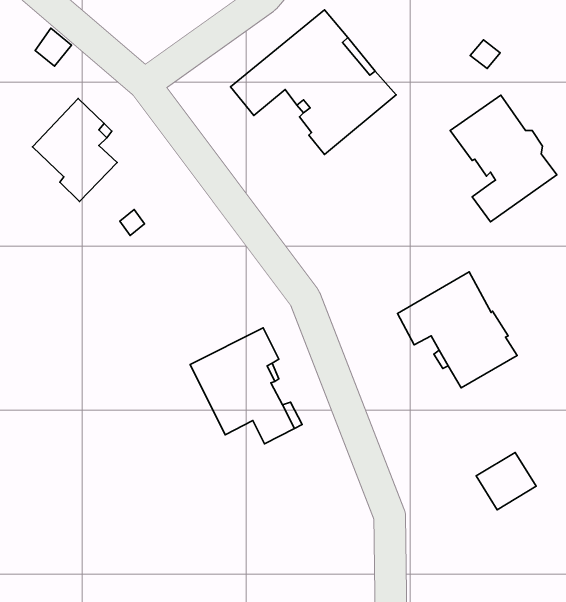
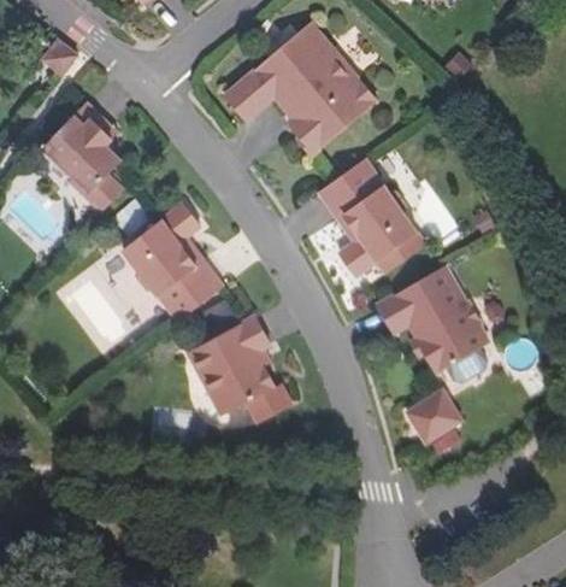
building: [450,95,557,222] -> [318,159,417,276]
building: none -> [122,204,222,322]
building: [476,452,536,510] -> [406,389,461,442]

